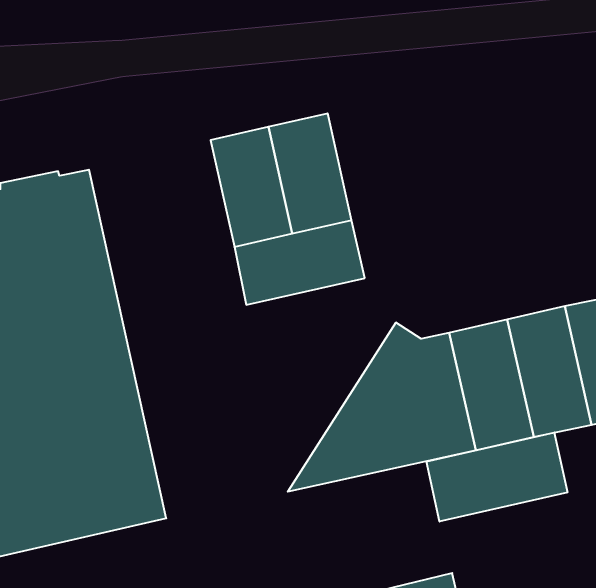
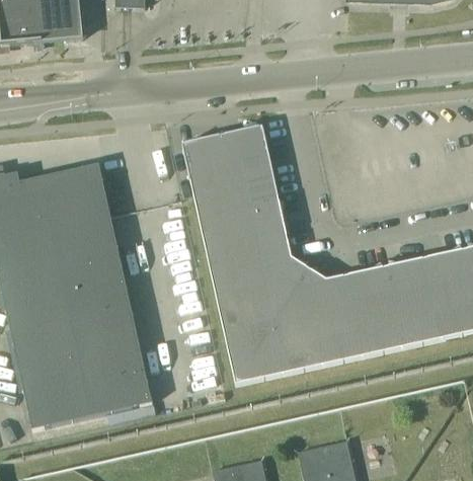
building: none -> [206,238,308,384]
building: [426,432,567,522] -> none

